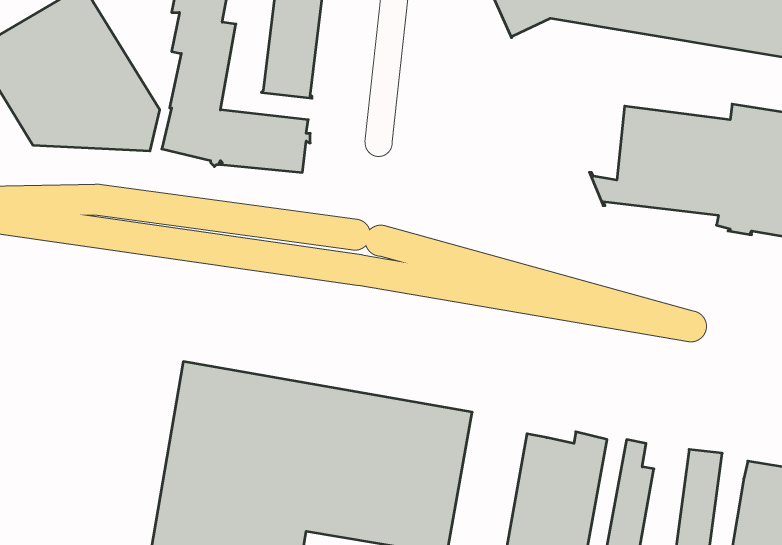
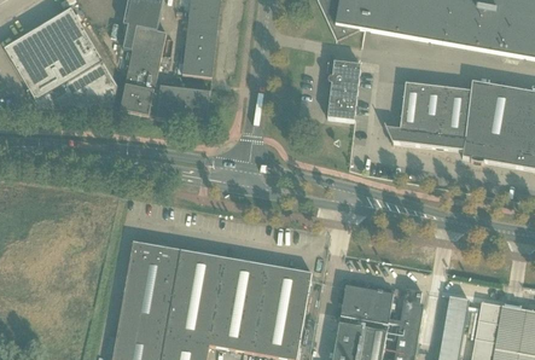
building: none -> [327,62,362,121]

